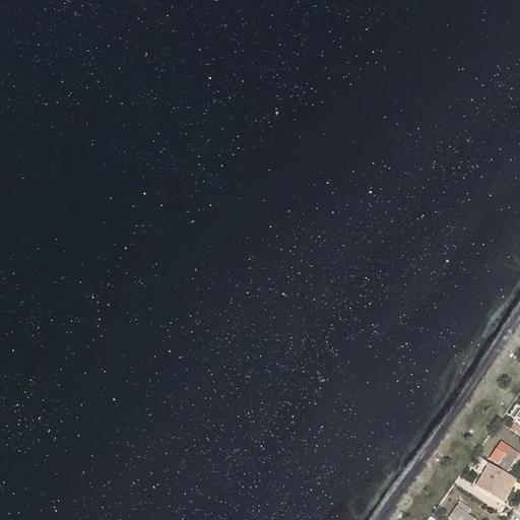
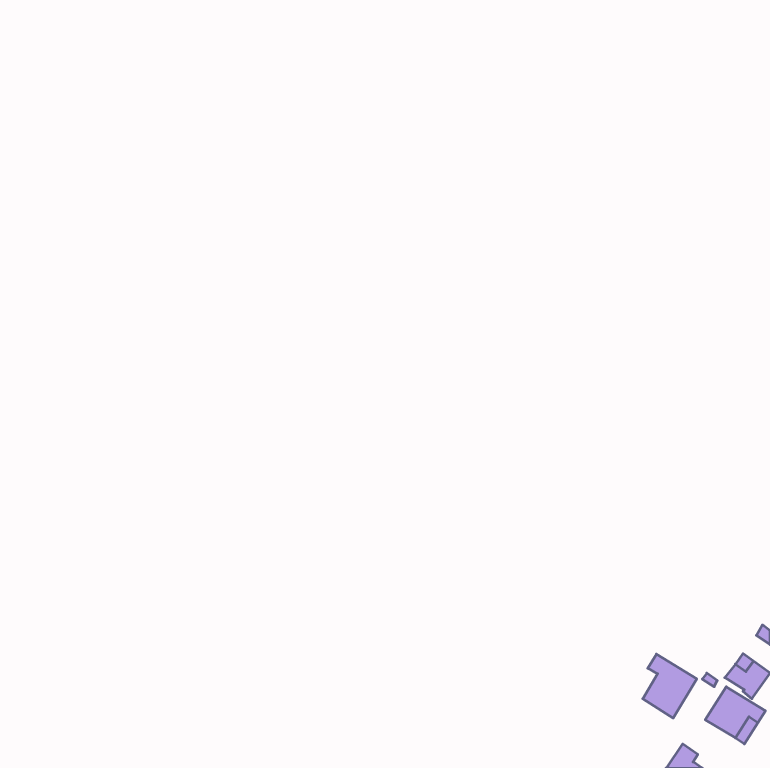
building: none -> [643,654,697,718]

